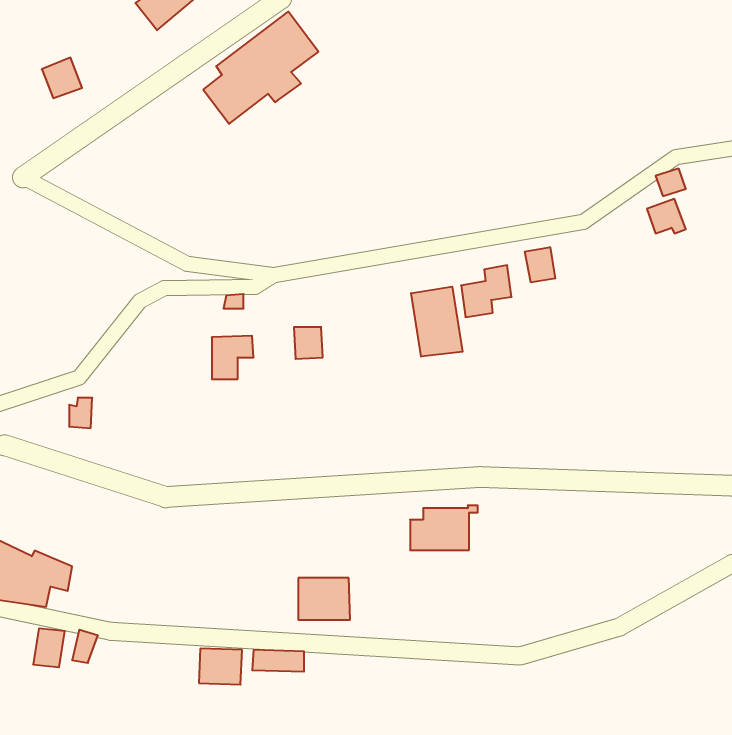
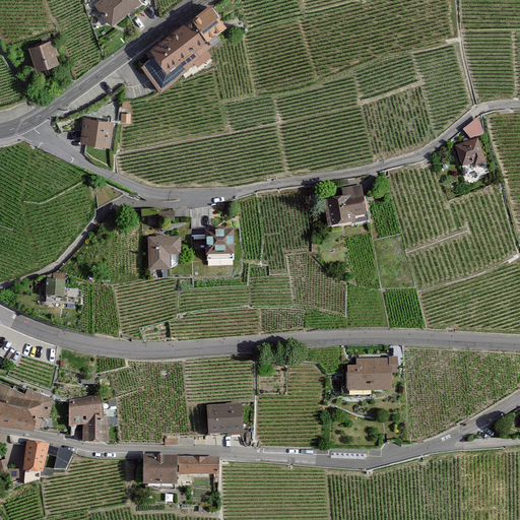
building: none -> [81,118,110,142]
building: [525,247,555,282] -> none
building: [411,287,463,357] -> none
building: [410,505,478,550] -> [345,356,393,388]
building: none -> [71,397,103,443]

